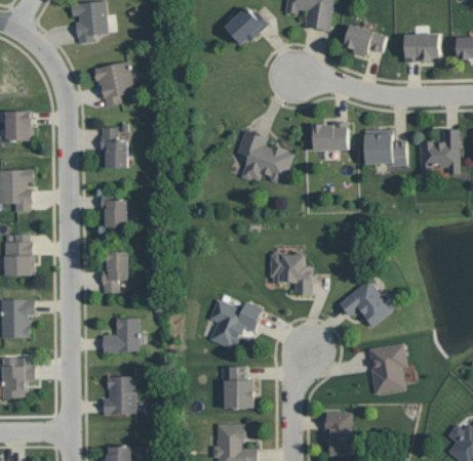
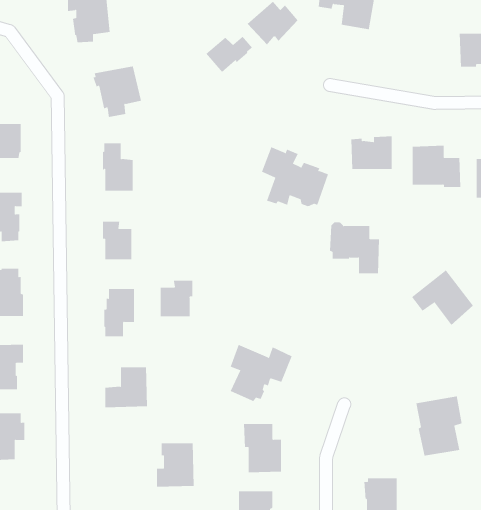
building: [344,25,387,56] -> none
building: none -> [205,36,253,73]
building: none -> [160,280,193,317]
building: [270,252,313,296] -> [329,222,380,274]
building: [339,280,392,328] -> [411,269,474,326]
building: [103,377,135,415] -> [156,443,195,487]

